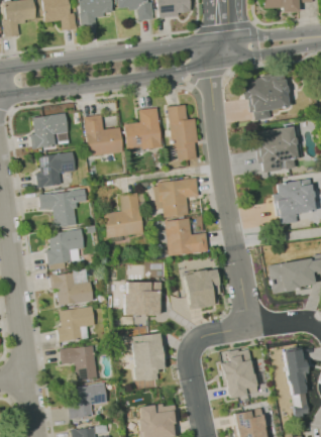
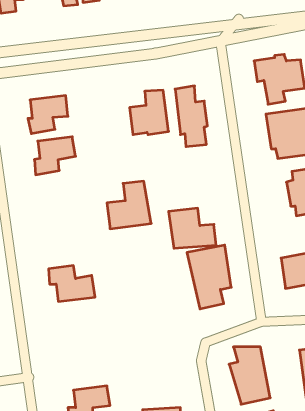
building: [84,114,123,154] -> none
building: [156,178,198,217] -> none
building: [39,188,86,225] -> none
building: [46,229,84,264] -> none
building: [121,279,158,325] -> none
building: [57,306,95,342] -> none
building: [128,333,165,385] -> none
building: [60,344,97,381] -> none

